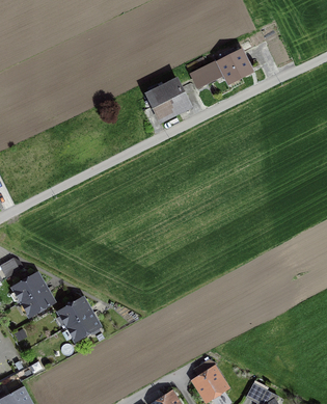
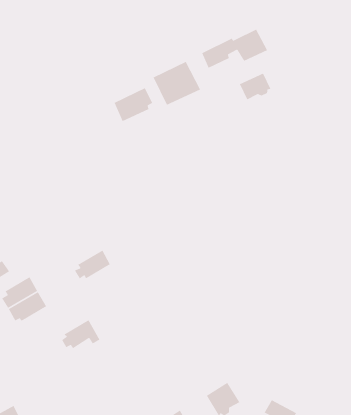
building: none -> [239,72,272,101]
building: none -> [113,87,153,122]
building: [56,298,89,325] -> [74,249,111,279]

